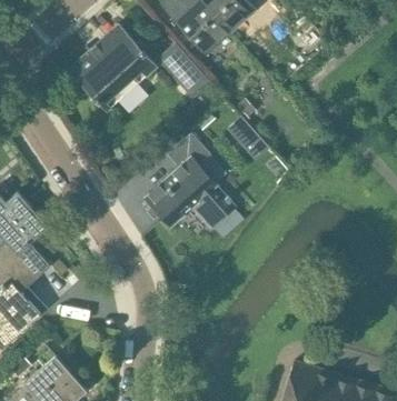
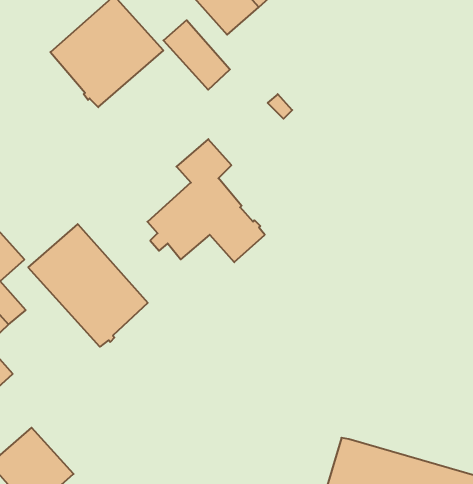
building: [227,117,269,160] -> none
building: none -> [28,224,148,347]

